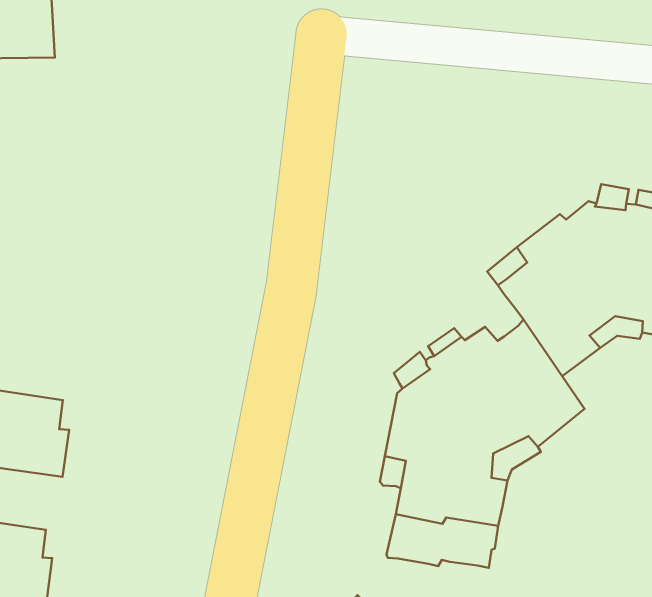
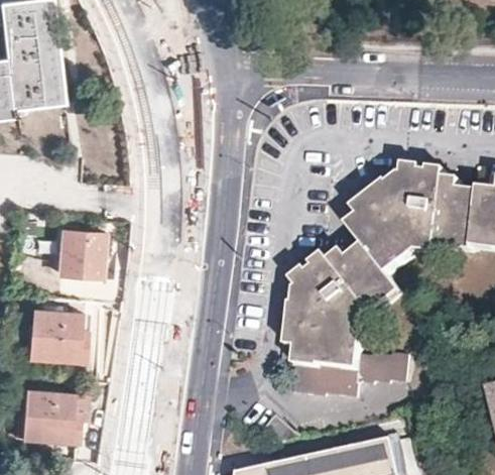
building: none -> [59,227,106,272]
building: none -> [356,351,410,384]

